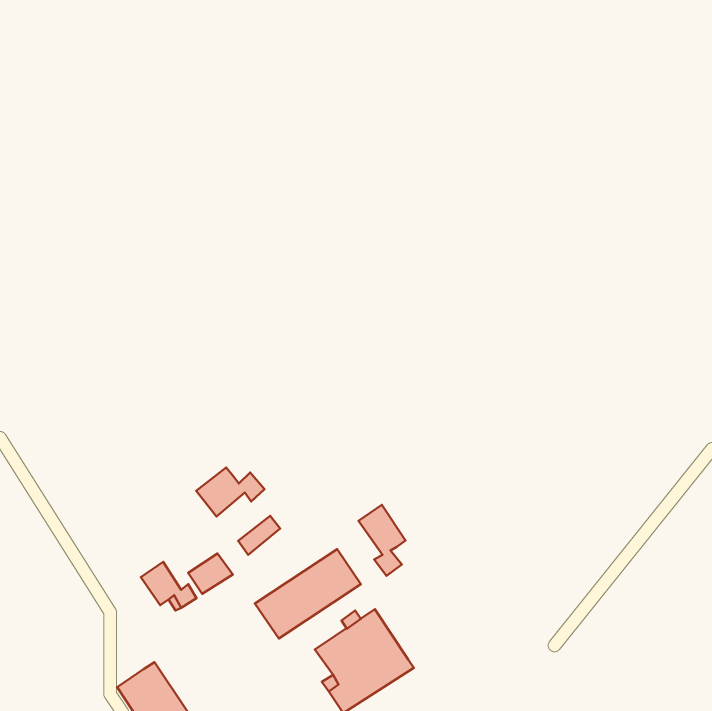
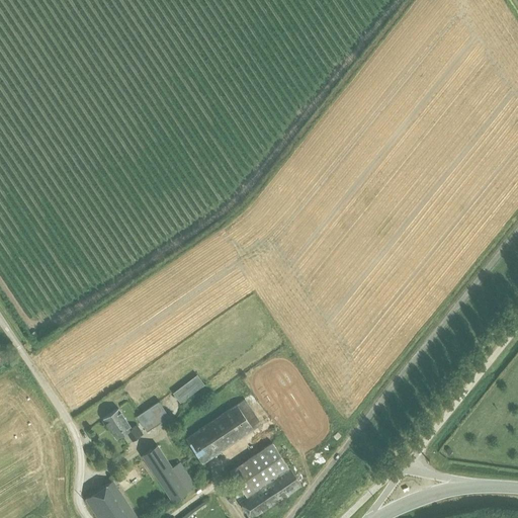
building: [196,467,265,517] -> none
building: [358,505,405,576] -> none
building: none -> [141,445,195,503]

